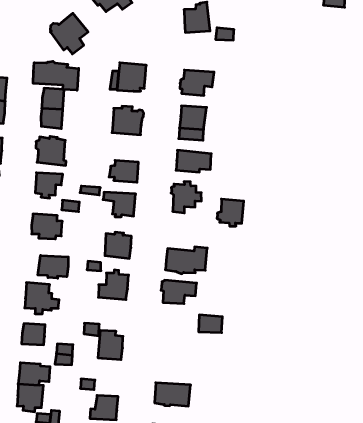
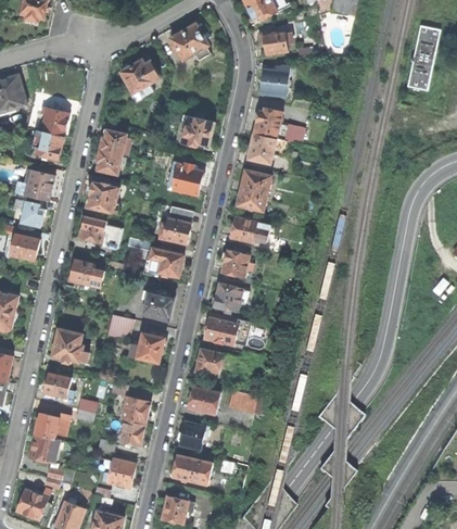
building: none -> [253,109,304,143]
building: [33,61,79,90] -> none
building: [217,199,244,226] -> [211,282,241,313]
building: [38,255,68,278] -> none
building: none -> [187,386,218,414]
building: none -> [177,420,207,449]
building: none -> [119,420,143,445]

